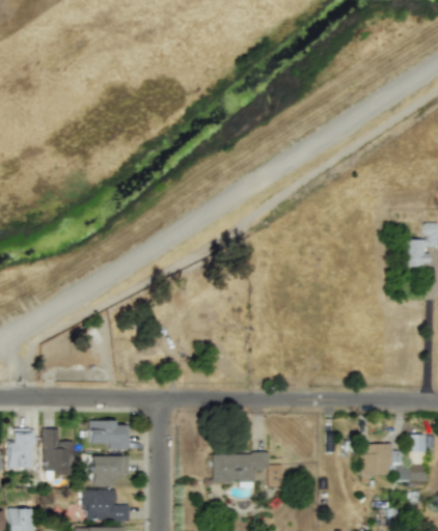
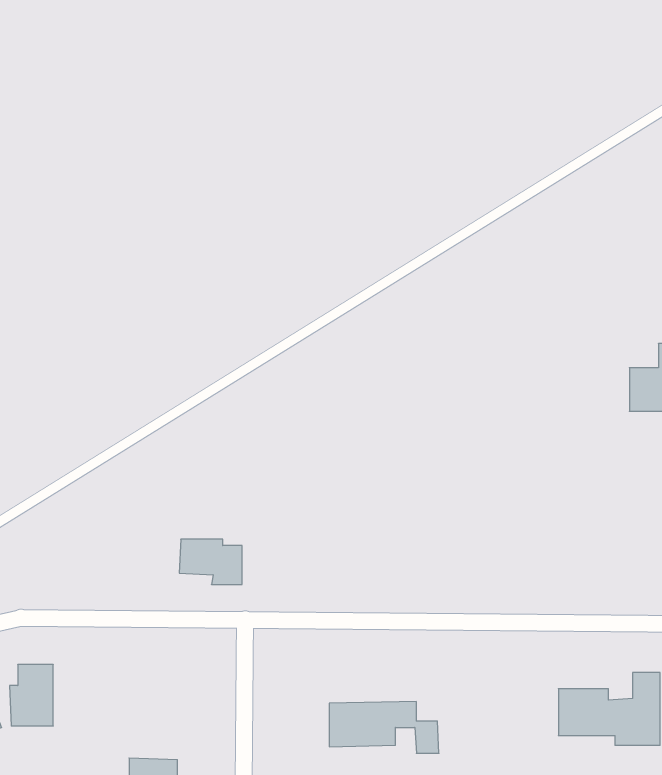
building: [88,421,129,450] -> [179,539,242,584]
building: [43,428,73,476] -> none
building: [92,456,130,486] -> none

